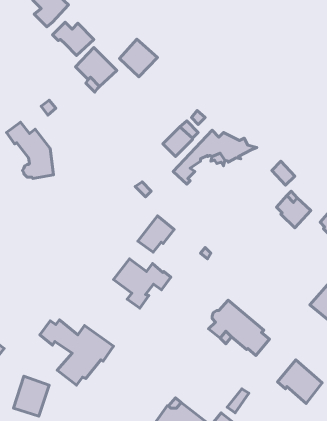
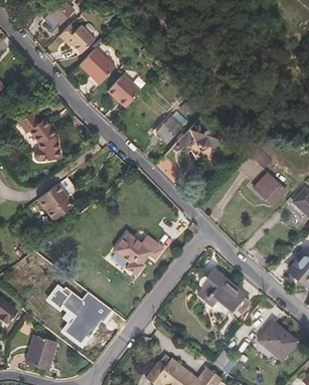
building: [119,39,157,77] -> [108,74,141,108]
building: none -> [37,184,71,220]
building: [138,216,174,252] -> none

